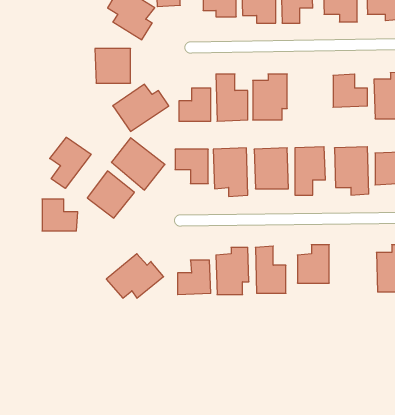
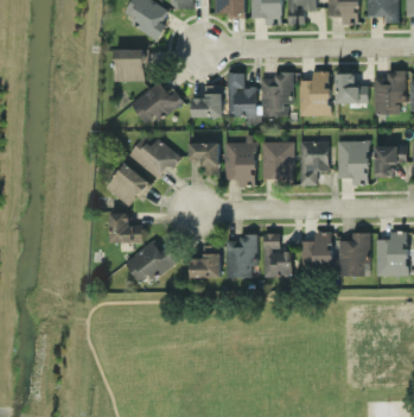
building: none -> [299,71,330,115]
building: [50,137,91,188] -> none
building: [42,199,78,231] -> [110,213,144,242]
building: none -> [339,232,370,277]

